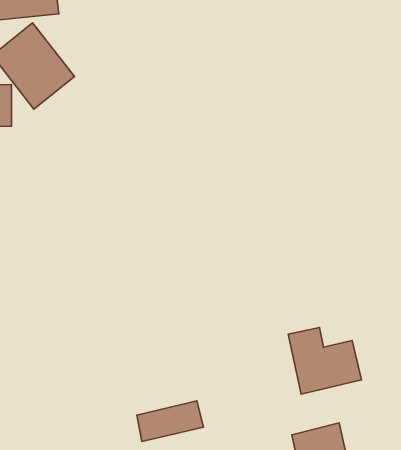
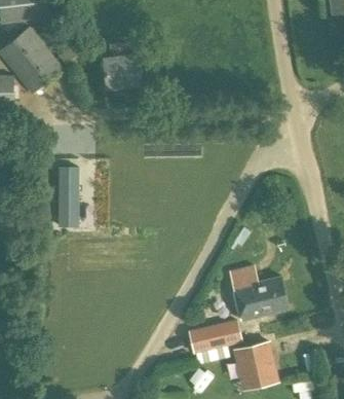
building: none -> [104,43,140,86]
building: none -> [58,150,80,210]
building: [137,401,203,441] -> [189,320,241,352]

